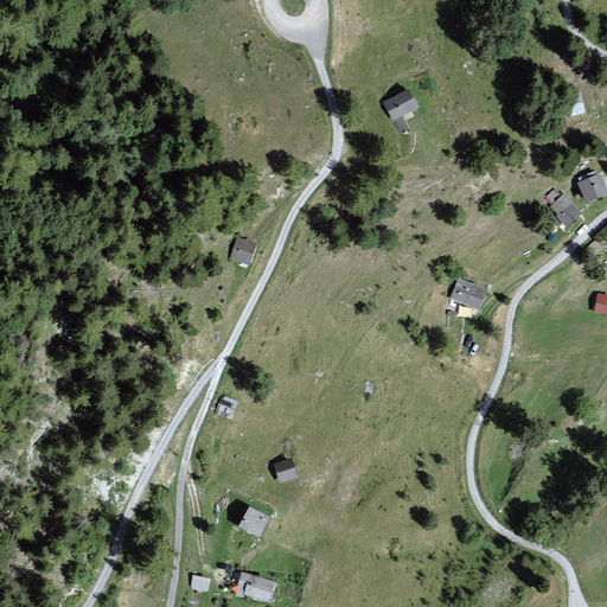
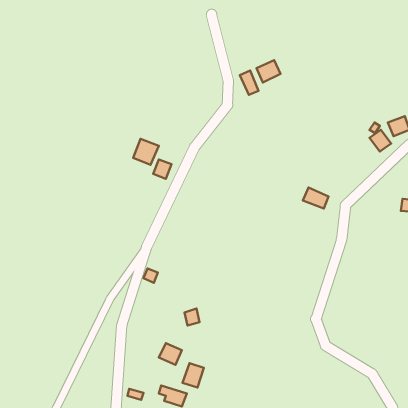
building: none -> [240,70,259,95]
building: none -> [133,139,159,165]
building: none -> [183,363,204,388]

